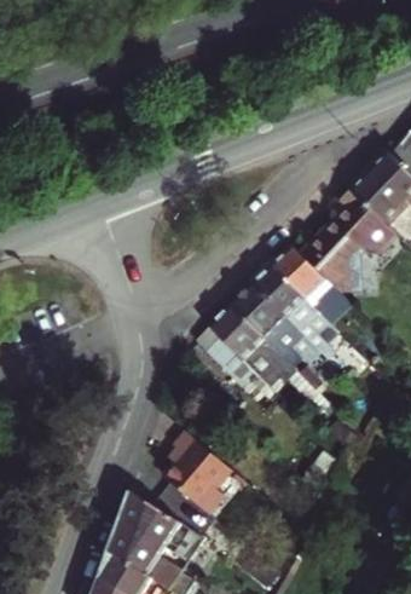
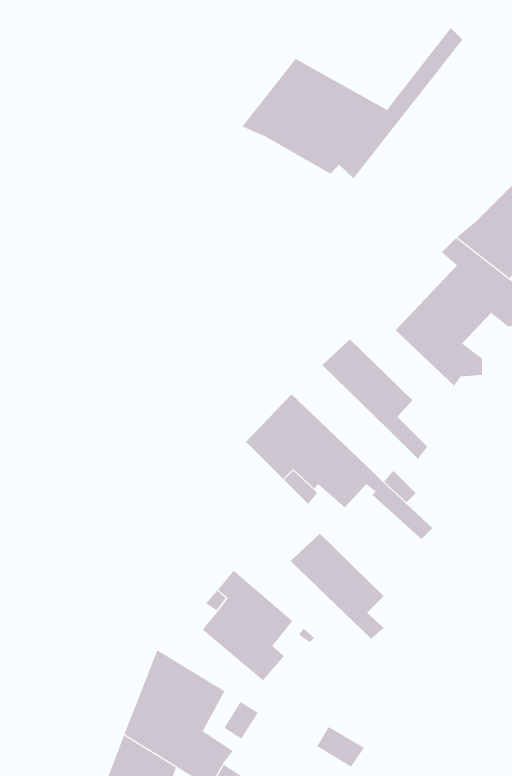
building: none -> [242,27,463,179]
building: [272,244,361,331] -> none
building: [230,283,299,361] -> [290,533,385,639]

